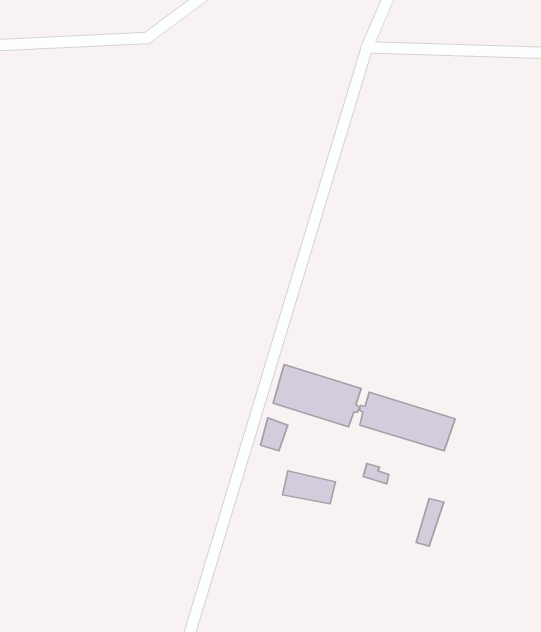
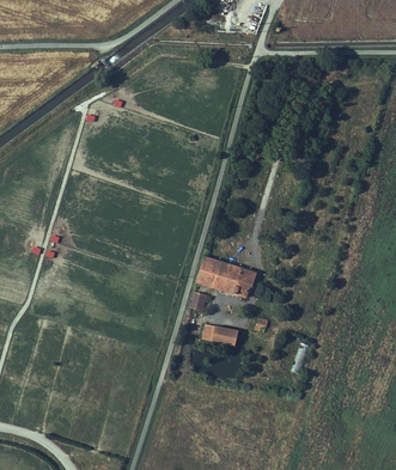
building: [359,392,455,451] -> none

